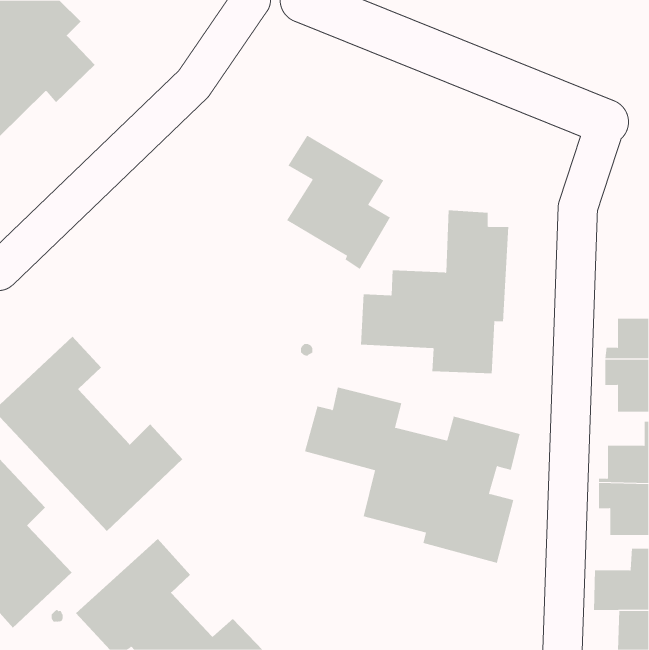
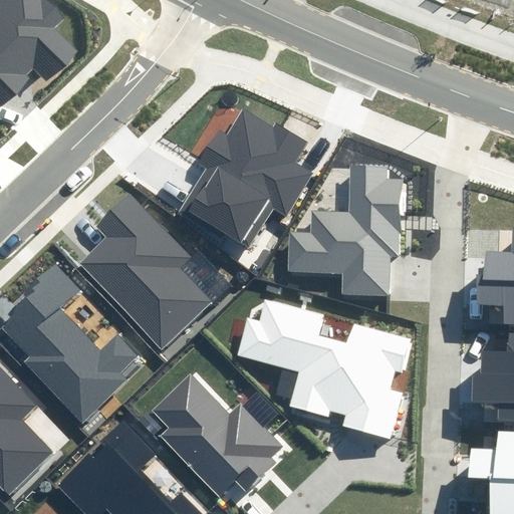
building: none -> [185,125,273,247]
building: none -> [80,194,211,348]
building: none -> [153,372,284,495]

